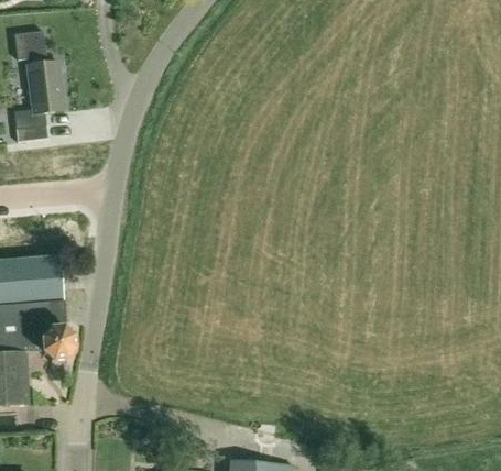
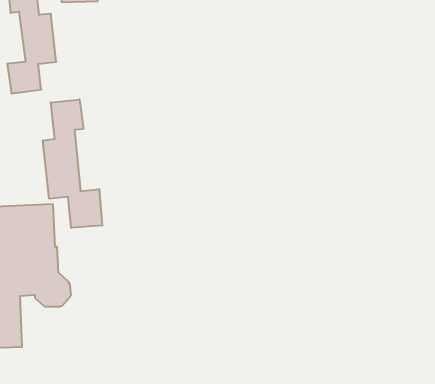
building: none -> [43,99,102,228]

